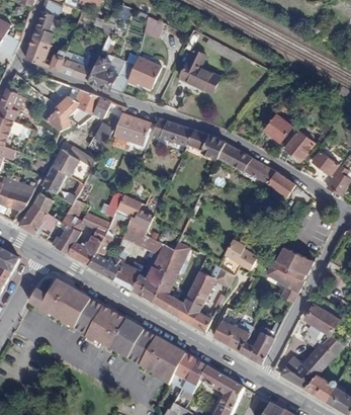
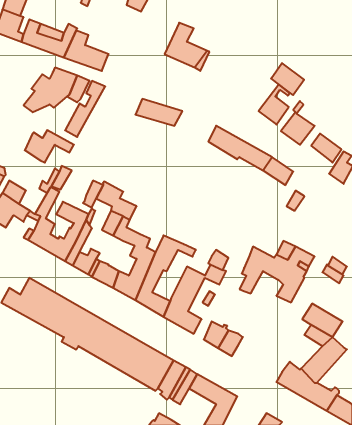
building: [126,57,161,89] -> none
building: none -> [271,63,304,95]
building: [115,113,149,145] -> none
building: [187,130,225,159] -> none
building: [41,165,66,193] -> none
building: [225,239,255,271] -> none
building: [239,326,275,363] -> none

